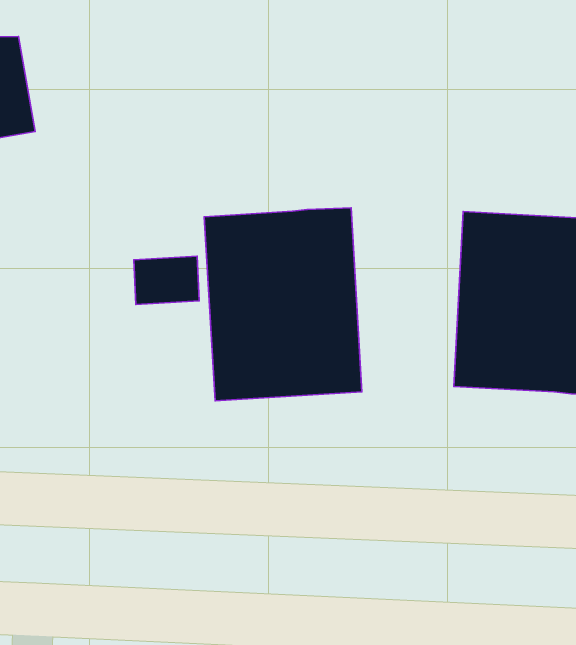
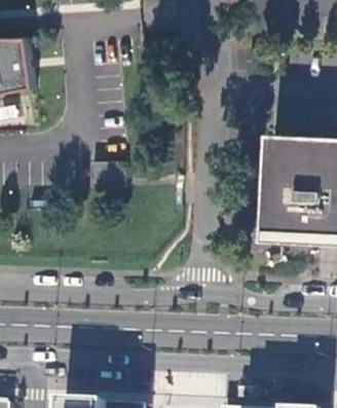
building: [204,208,362,401] -> none

